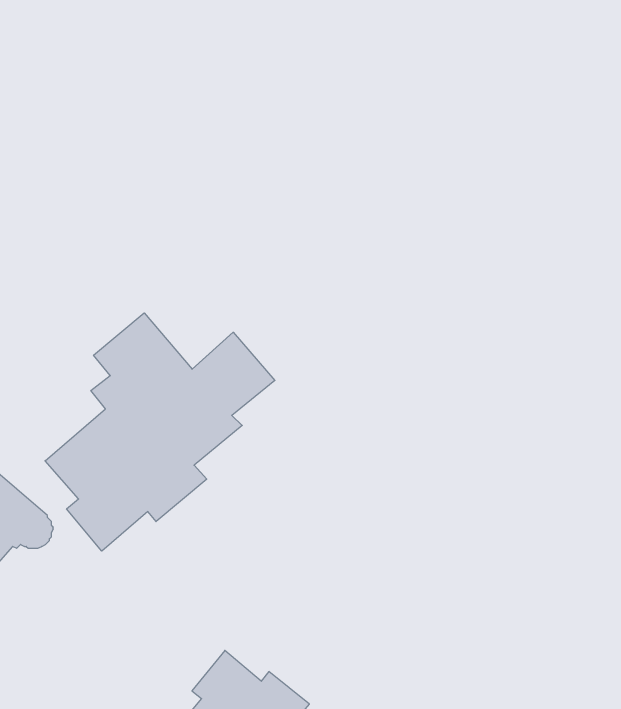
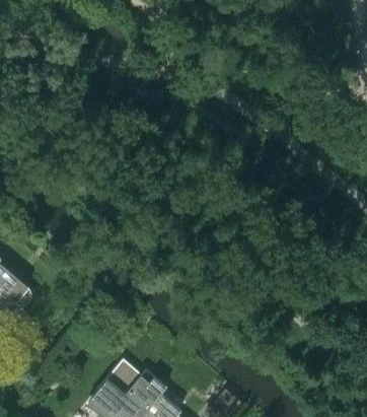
building: [45,313,275,551] -> none

